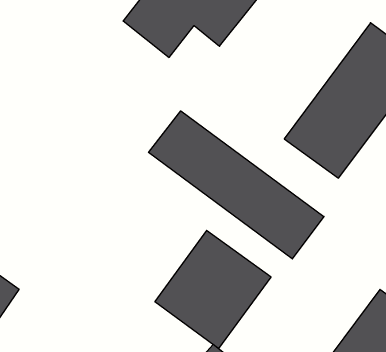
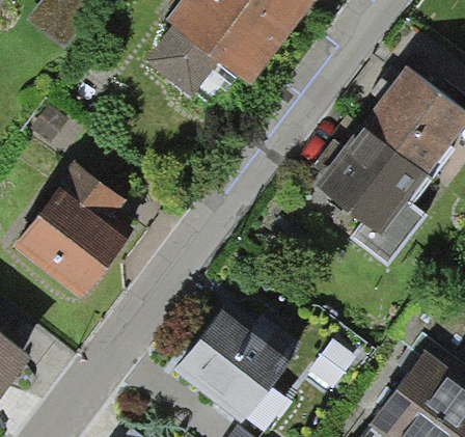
building: [149,111,324,259] -> none
building: none -> [15,164,124,296]

